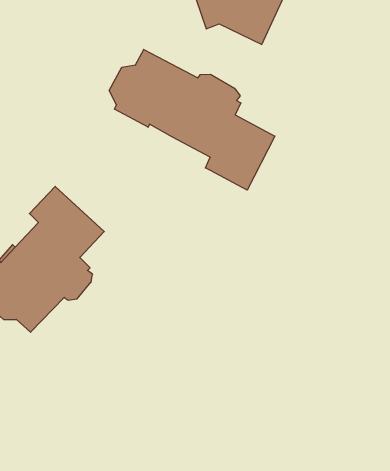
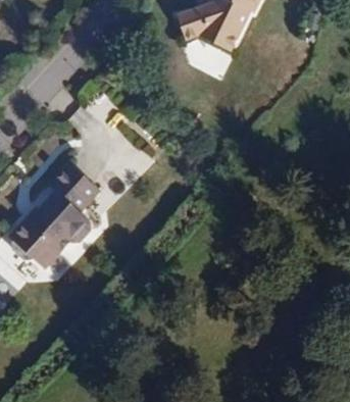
building: [109,49,275,190] -> none

